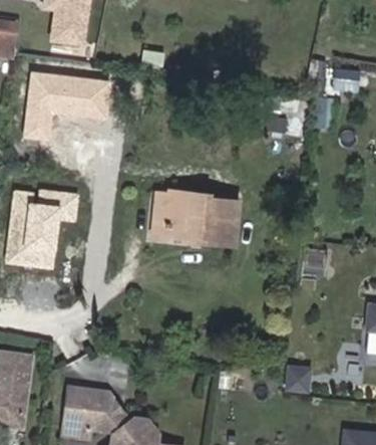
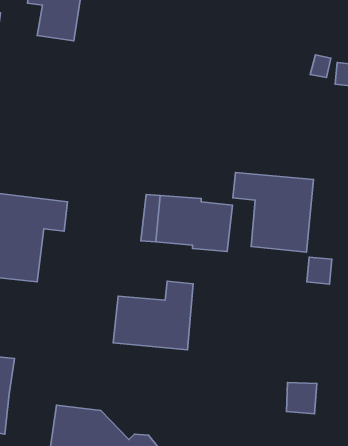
building: [22,72,112,143] -> none
building: none -> [233,172,313,252]
building: none -> [113,281,193,350]

